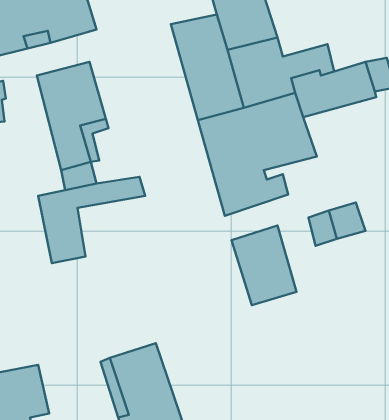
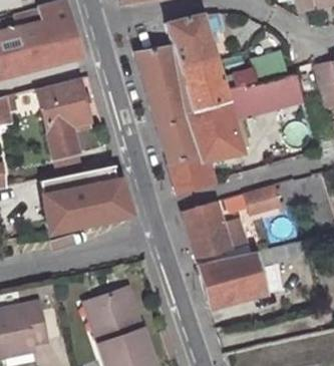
building: none -> [68,178,129,224]
building: none -> [199,250,269,308]

